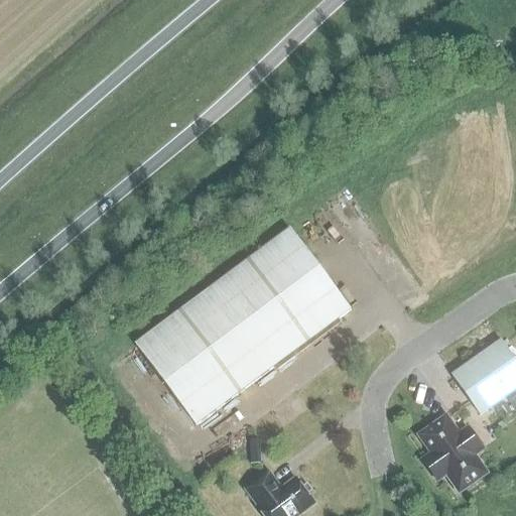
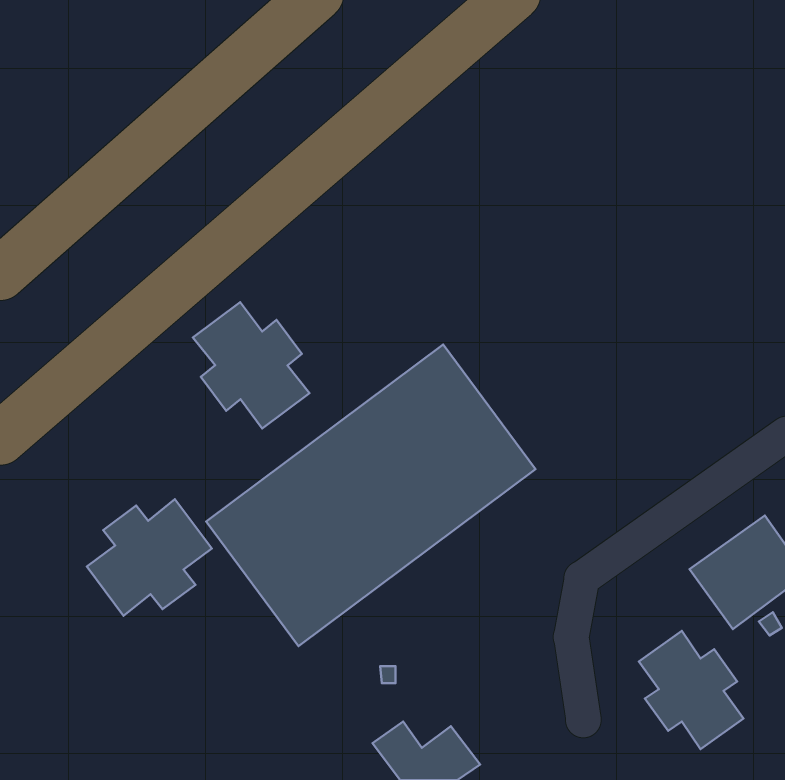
building: none -> [193,302,310,429]
building: none -> [87,499,212,616]

